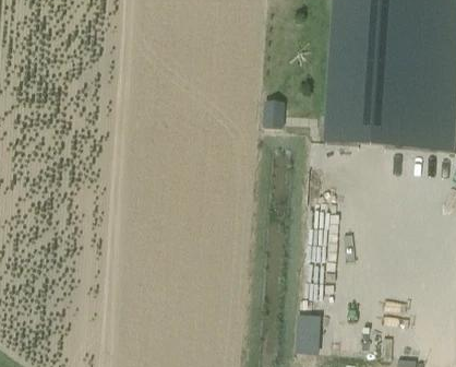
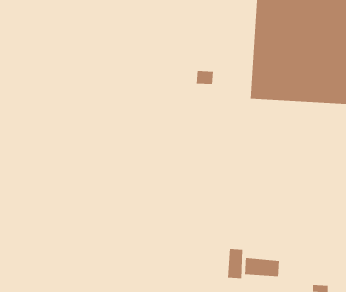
building: none -> [244,257,280,277]

